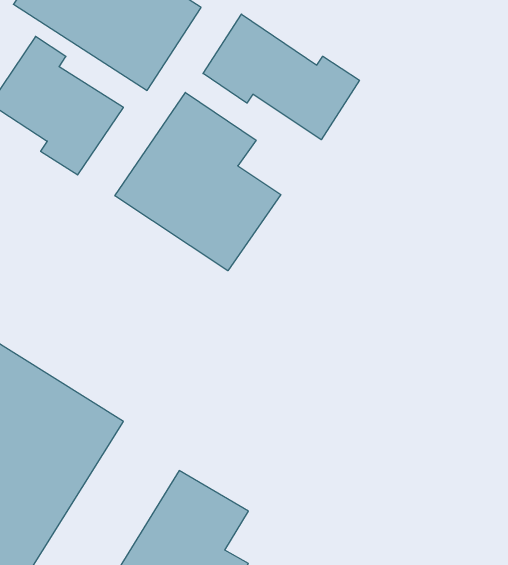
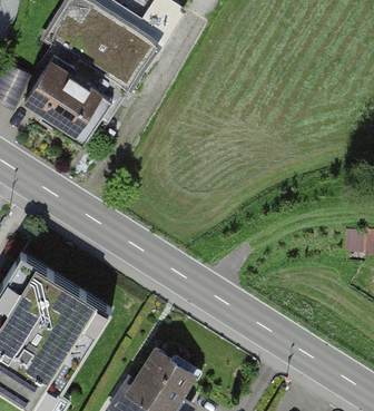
building: [203,14,359,140] -> none
building: [115,92,281,271] -> none

